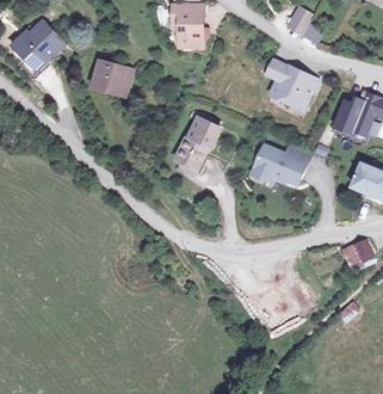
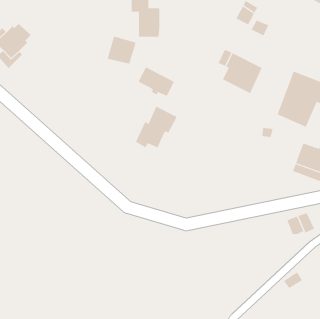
building: [95,68,128,99] -> [107,36,136,64]
building: none -> [138,66,174,97]
building: [251,143,313,187] -> none

